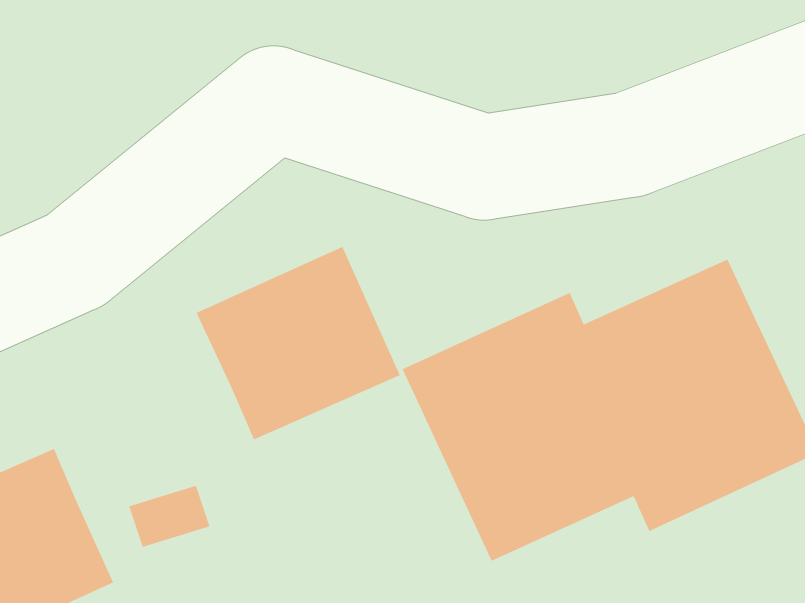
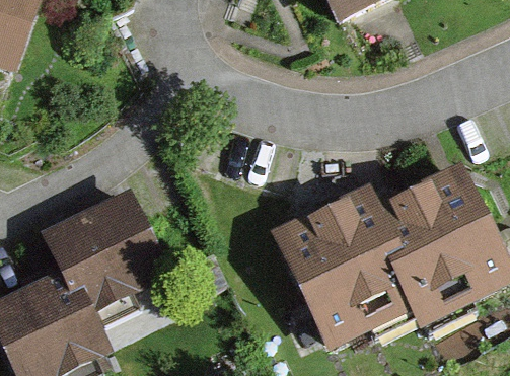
building: [195,246,401,440] -> [49,193,167,305]

